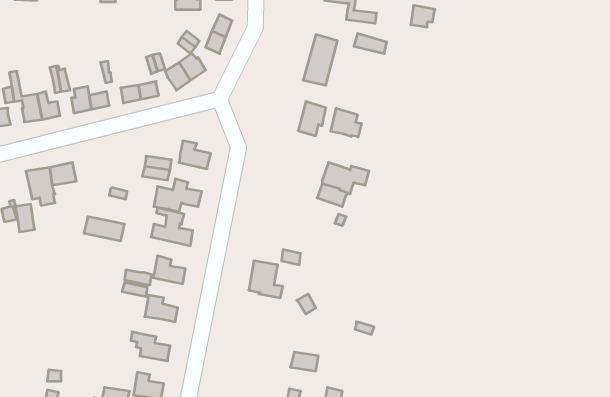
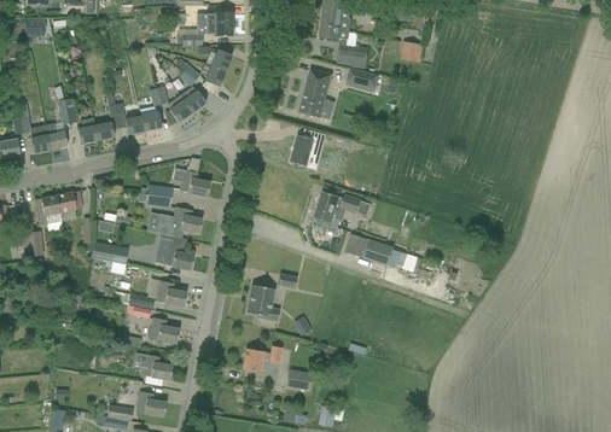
building: [331,108,361,137] -> none
building: none -> [347,234,394,267]
building: none -> [243,346,281,373]

